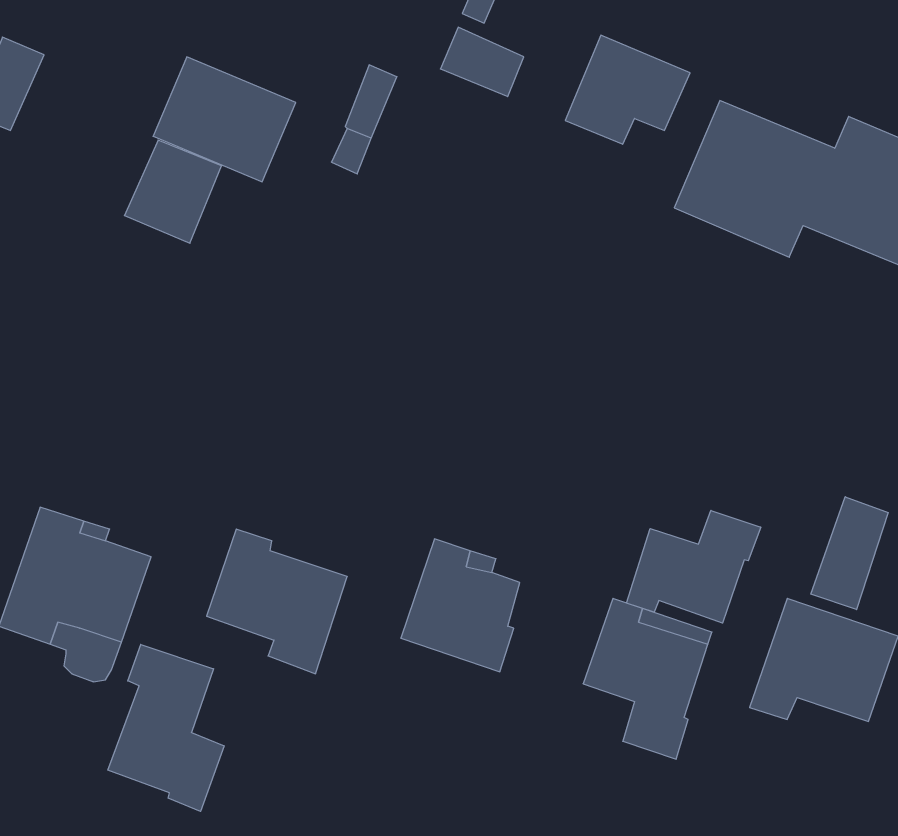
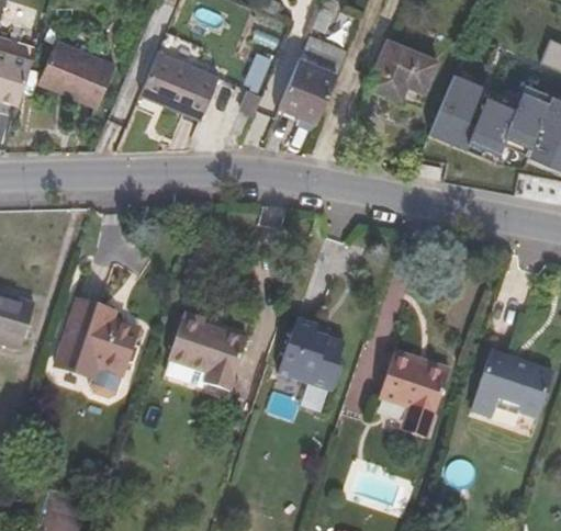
building: none -> [278,57,336,123]
building: [124,140,222,243] -> [60,49,114,106]
building: [811,497,888,610] -> none
building: [627,510,761,623] -> none
building: [108,644,224,811] -> none

